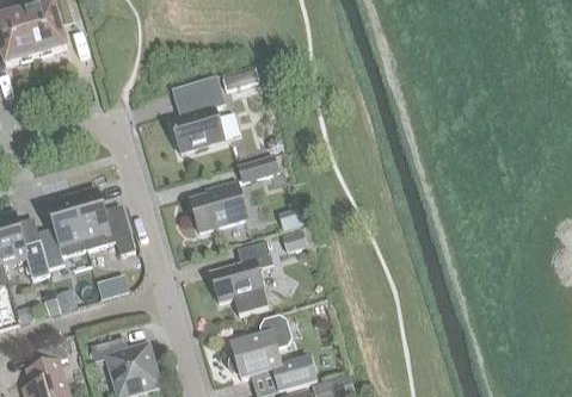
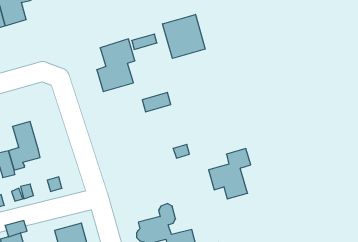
building: none -> [163,14,205,58]
building: [189,180,247,230] -> none
building: [72,188,135,254] -> none
building: [210,240,272,314] -> [209,149,251,199]

